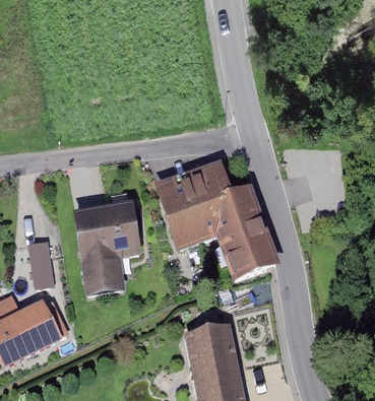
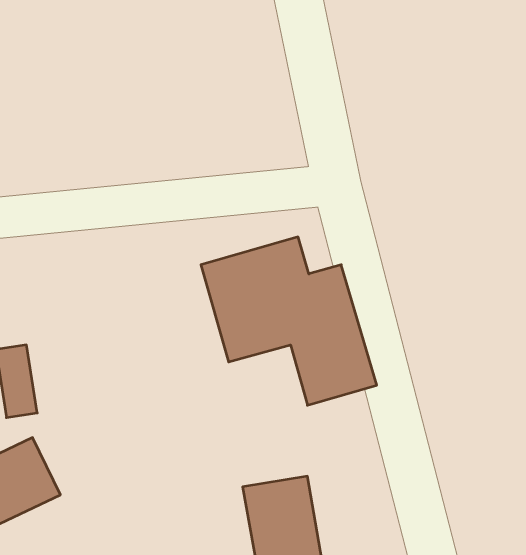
building: [78,203,146,294] -> none

